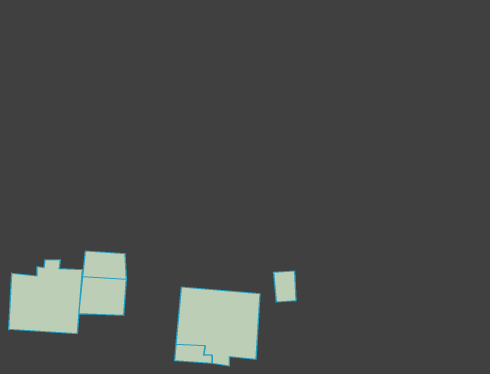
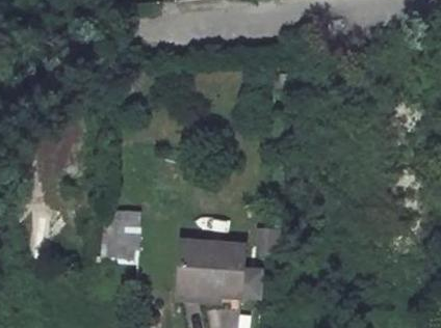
building: [9,260,82,334] -> none

